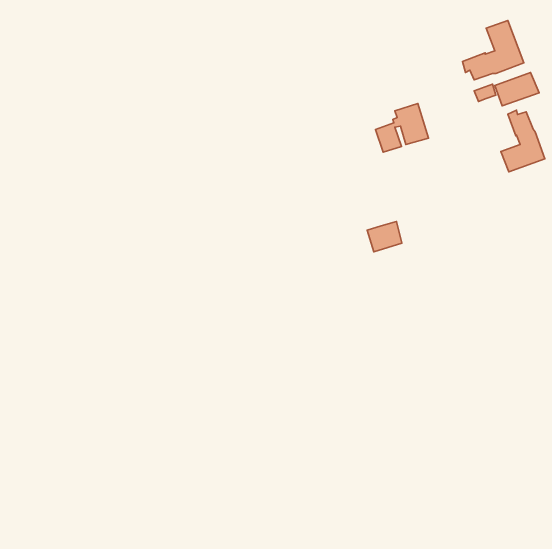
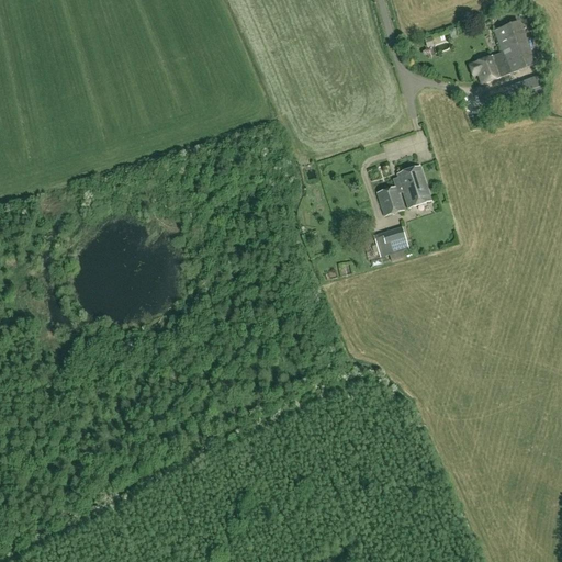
building: [376,103,428,152] -> [378,165,431,214]
building: [501,110,545,172] -> none

